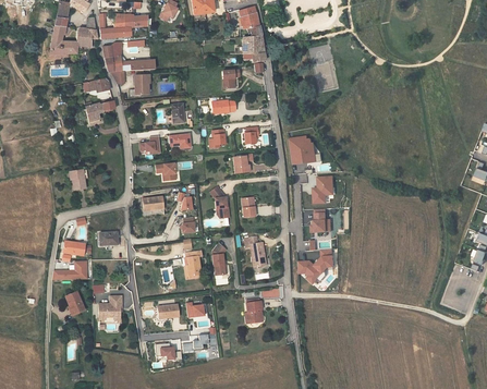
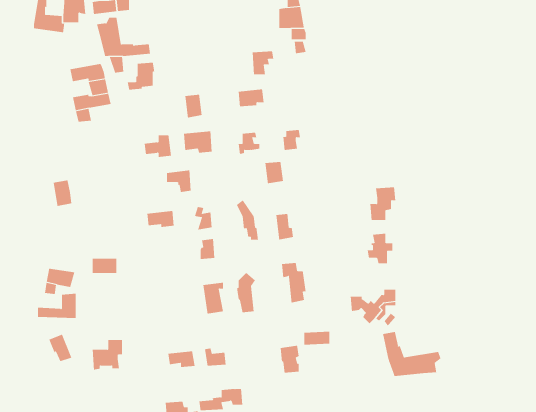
building: [290,135,318,163] -> none
building: none -> [383,331,441,377]

